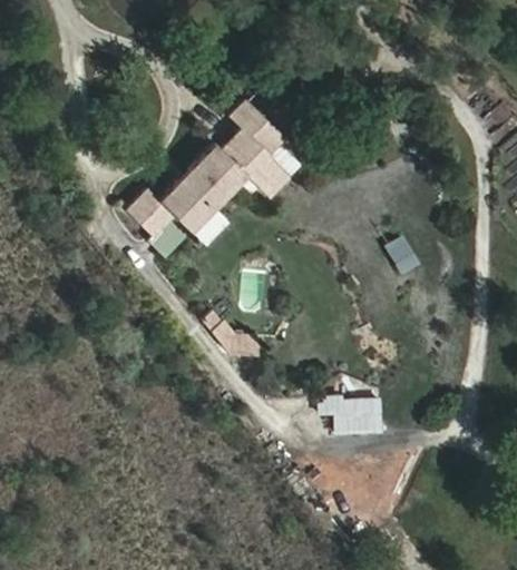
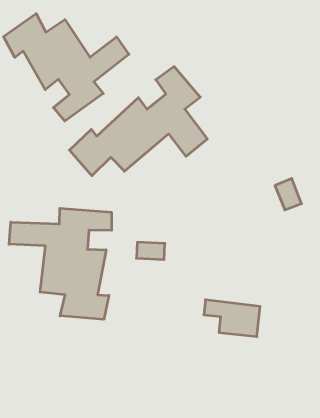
building: none -> [4,14,129,121]
building: none -> [9,208,112,319]

